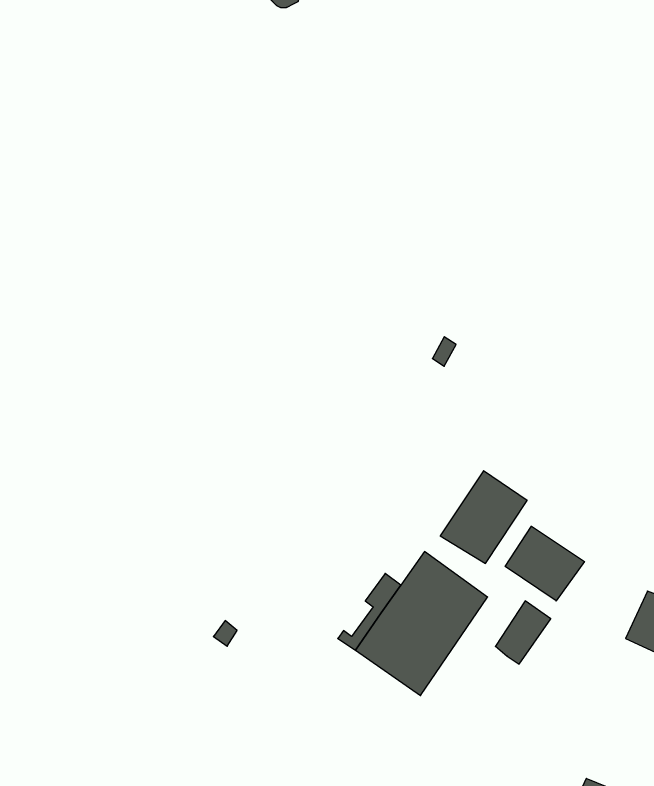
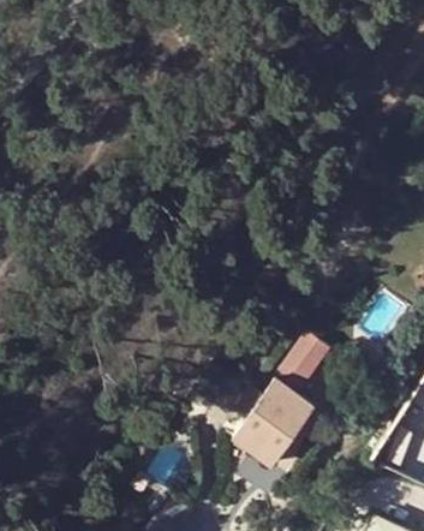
building: [505,526,584,601] -> none

